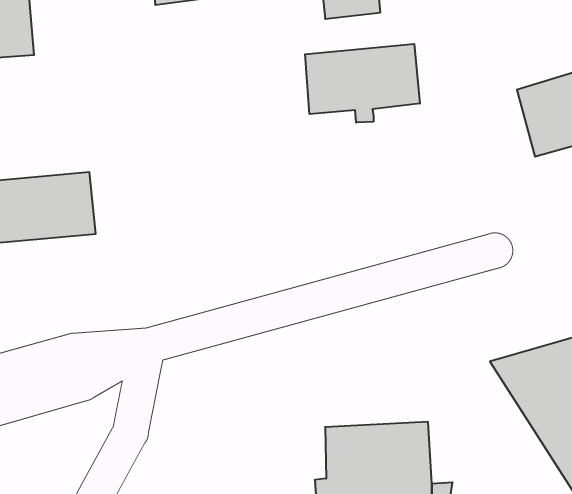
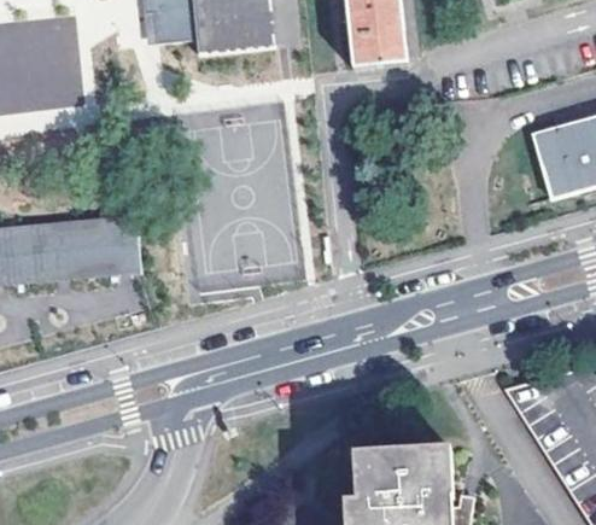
building: [305,44,420,123] -> none

